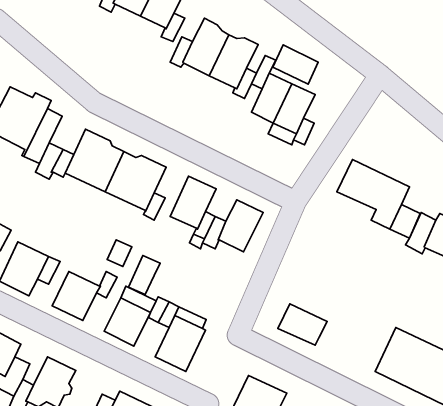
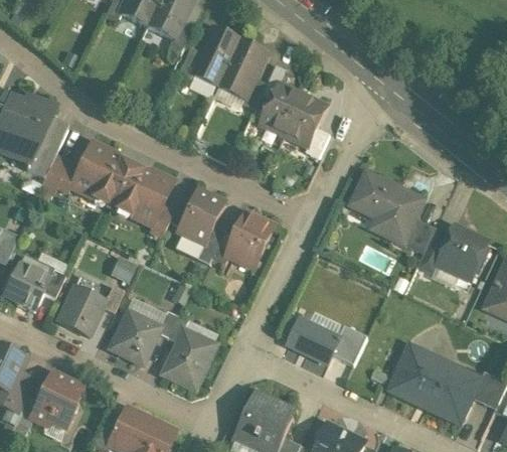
building: [273,45,318,84] -> none
building: [128,255,160,294] -> none
building: none -> [330,326,366,364]

